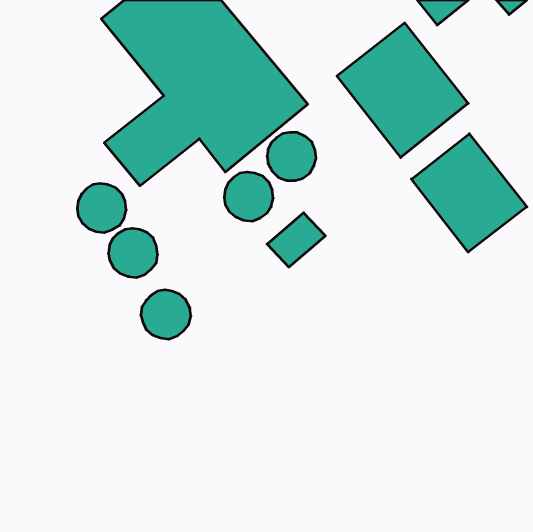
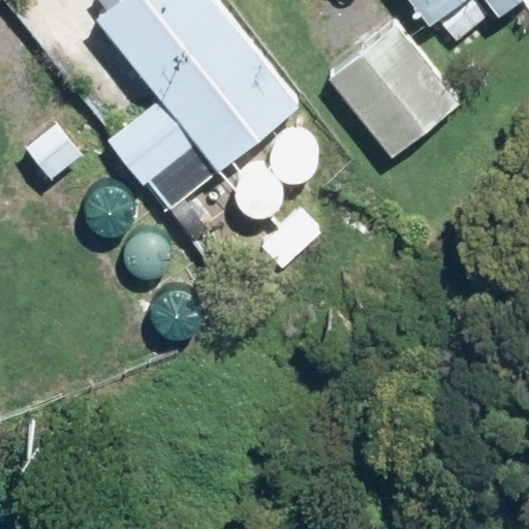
building: [411,134,527,252] -> none

